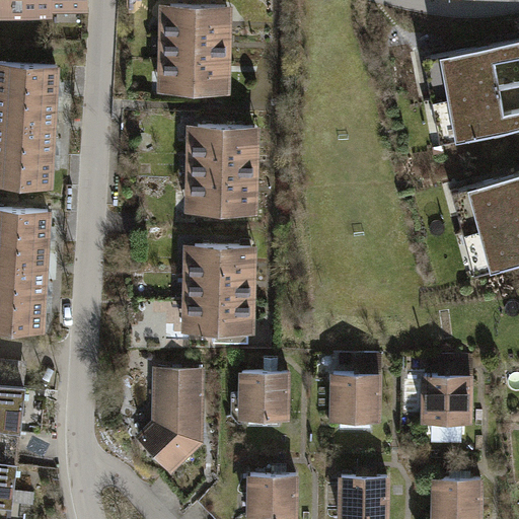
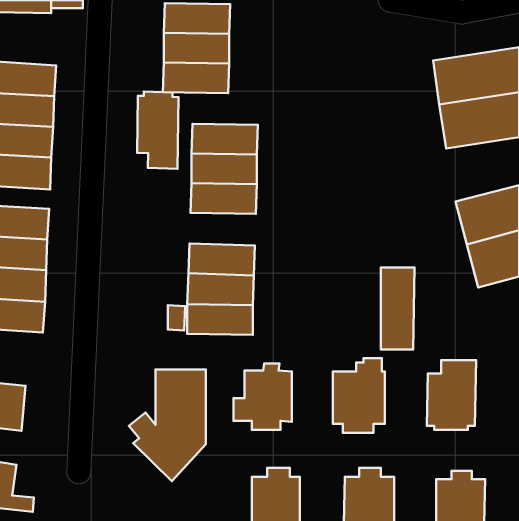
building: none -> [137,91,178,169]
building: none -> [381,268,414,349]

